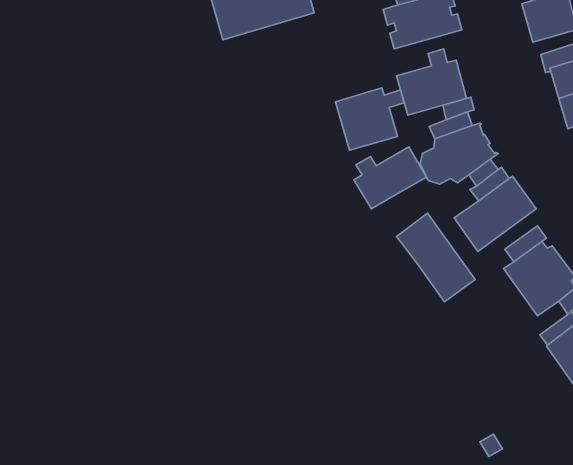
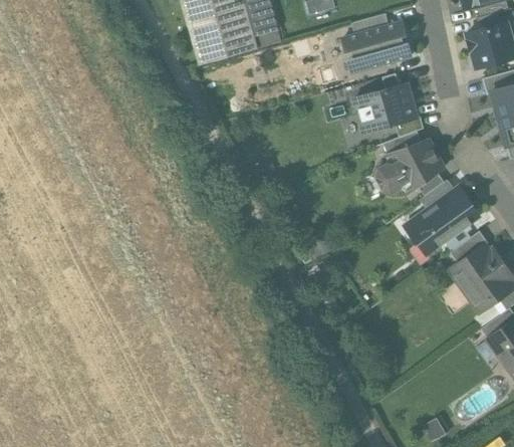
building: [336,88,404,150] -> none
building: [354,147,426,209] -> none
building: [397,213,475,302] -> none

